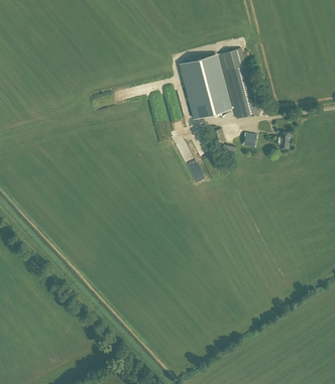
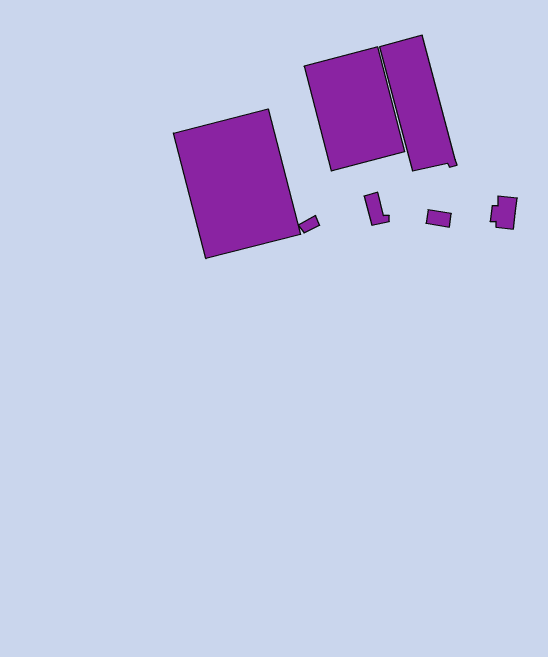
building: none -> [173,109,301,259]

